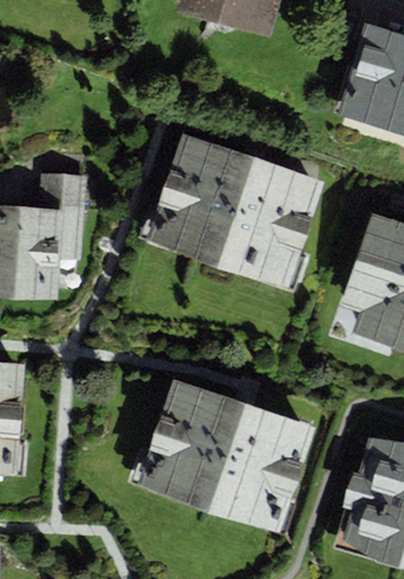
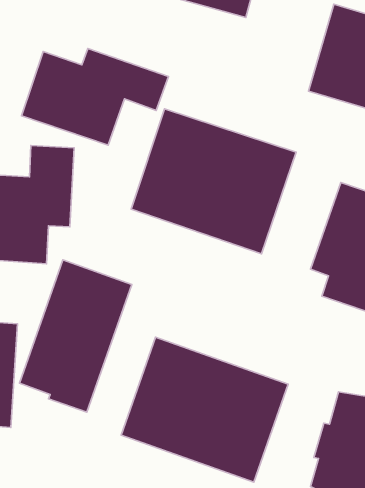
building: none -> [21,48,168,145]
building: none -> [19,260,132,412]

